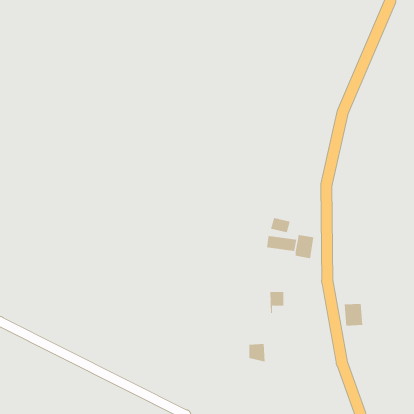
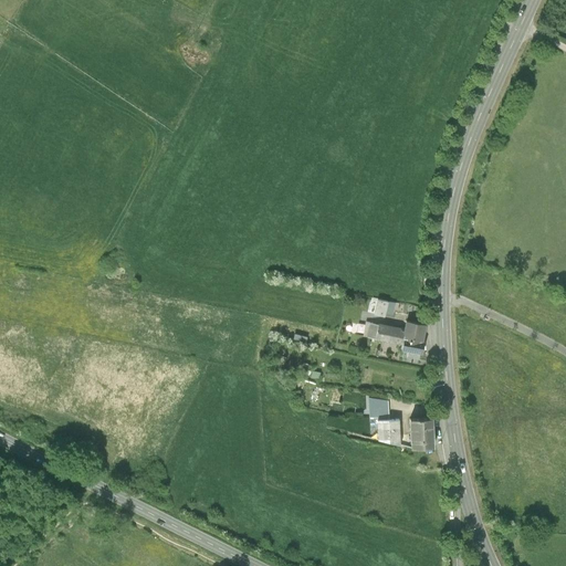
building: [344,303,363,326] -> [409,418,436,449]
building: [248,344,265,362] -> [378,419,401,444]

